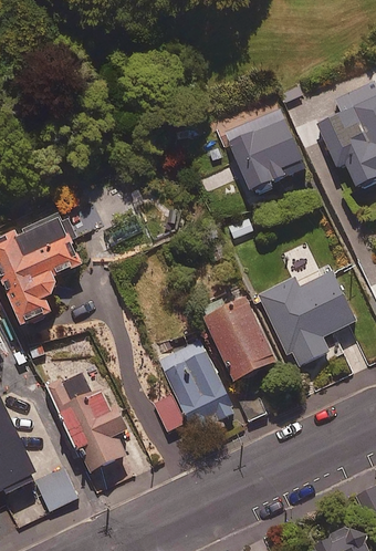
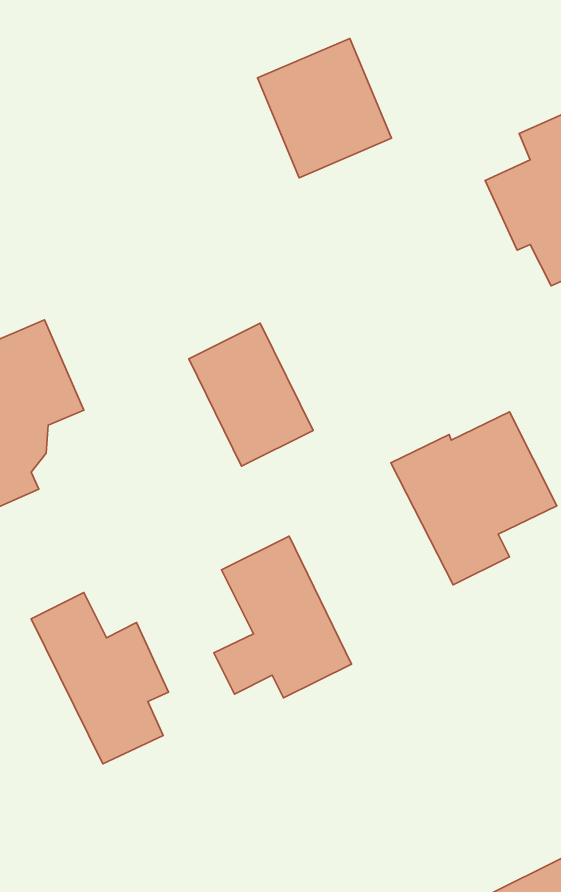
building: [224,113,303,195] -> [258,38,391,178]
building: [205,297,278,381] -> [189,323,313,466]
building: [35,467,77,510] -> none

